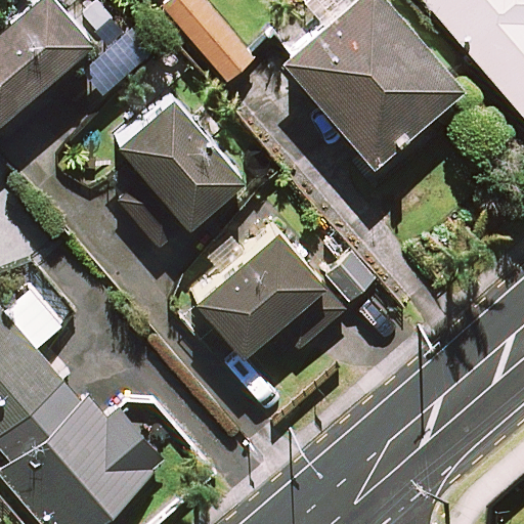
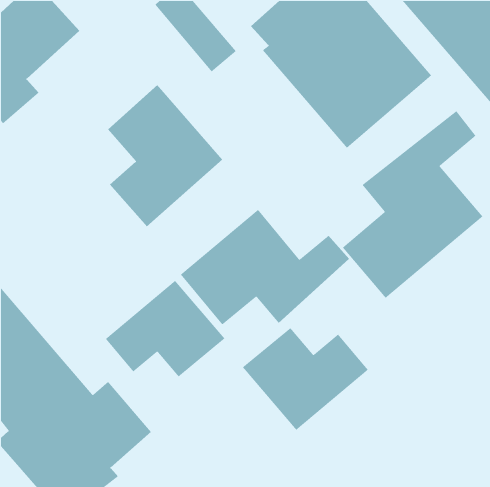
building: none -> [342,110,484,299]
building: none -> [105,280,225,377]
building: none -> [242,327,369,431]

